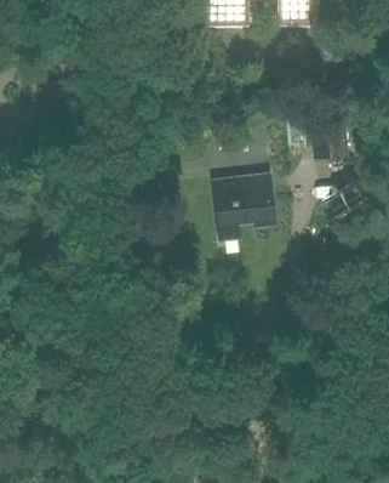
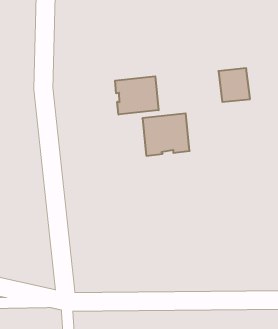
building: none -> [115,76,159,115]

